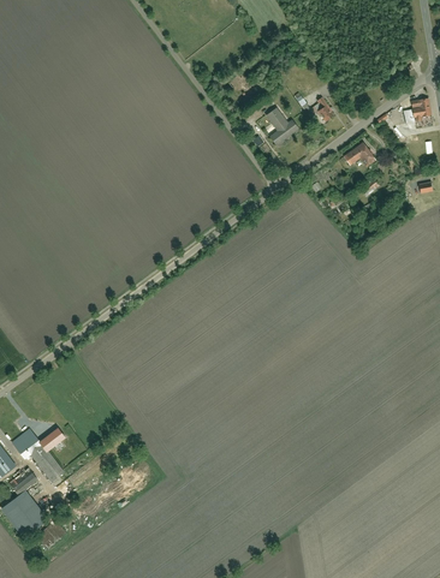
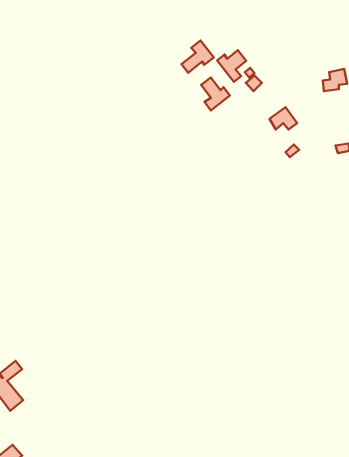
building: none -> [182,40,214,73]
building: none -> [217,50,246,82]

